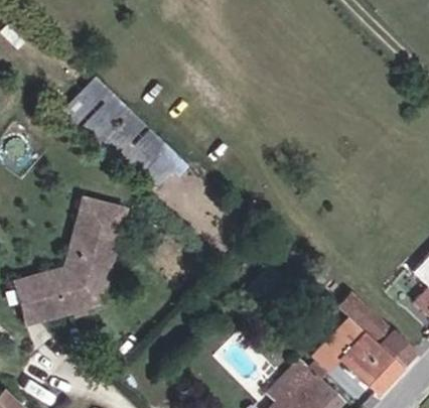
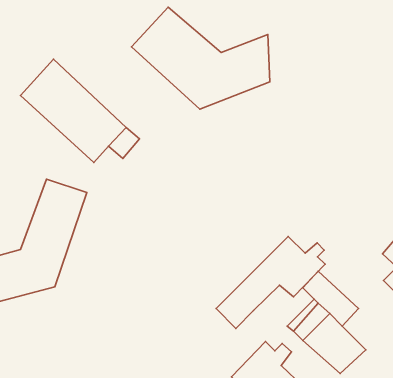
building: none -> [132,7,270,109]
building: none -> [216,236,325,328]
building: [379,323,419,364] -> none

